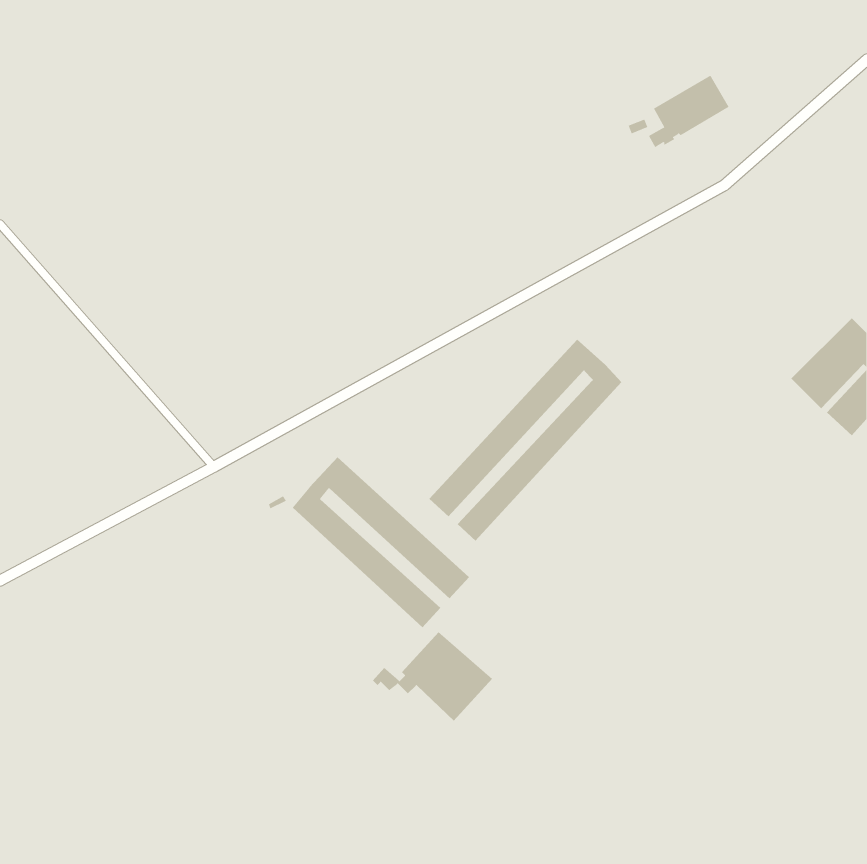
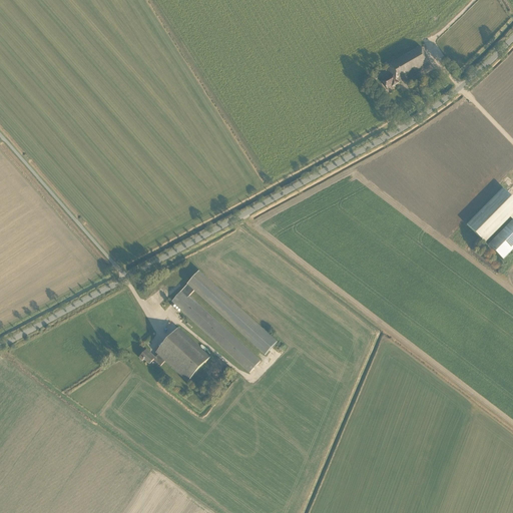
building: [428,339,622,541] -> none
building: [372,631,493,721] -> [139,327,210,380]

